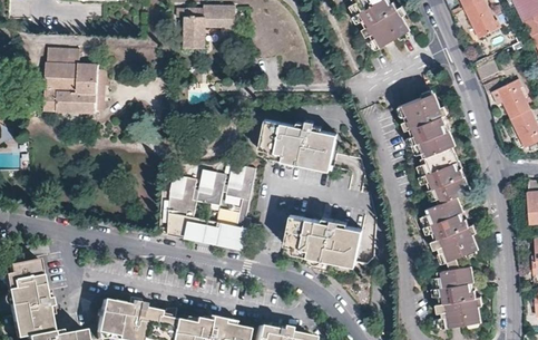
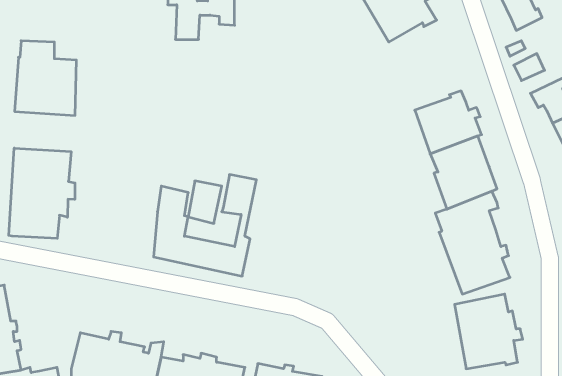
building: [256,119,334,168] -> none
building: none -> [9,148,75,238]
building: [282,214,360,264] -> none

